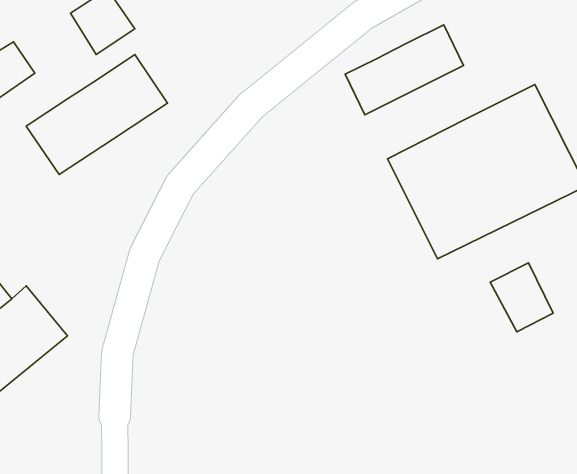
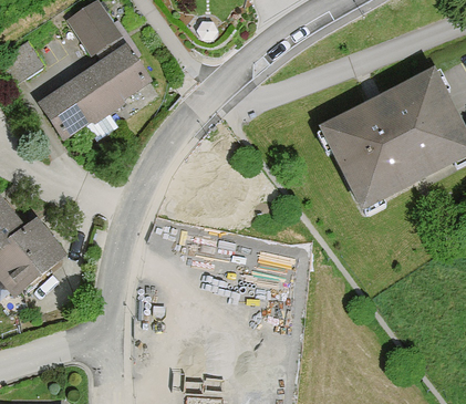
building: [345,25,464,115] -> none
building: [490,263,553,332] -> none

